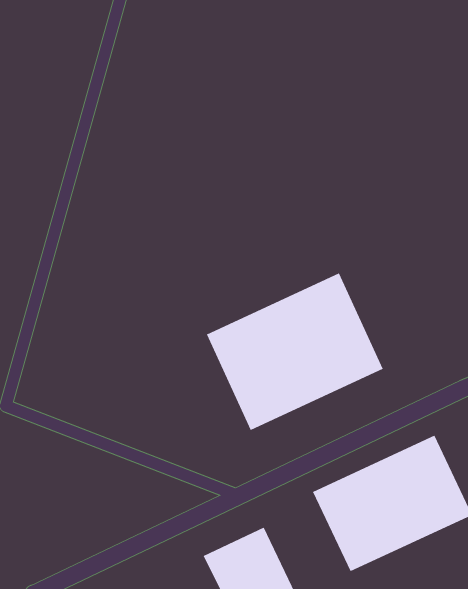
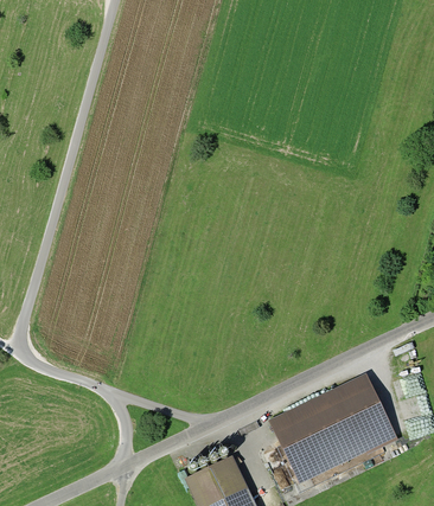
building: [206,272,383,431] -> none

